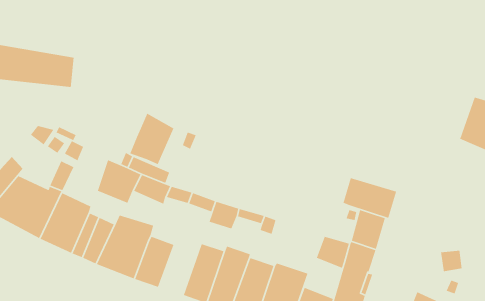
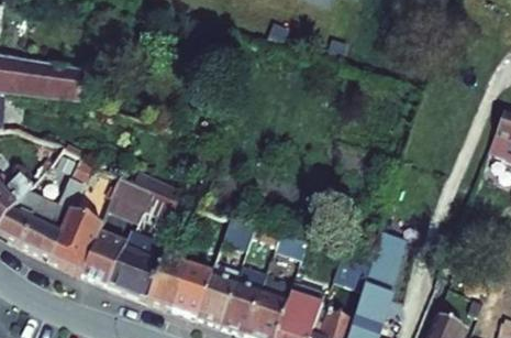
building: [129,113,175,165] -> none
building: [342,177,397,219] -> none
building: none -> [171,262,212,315]

